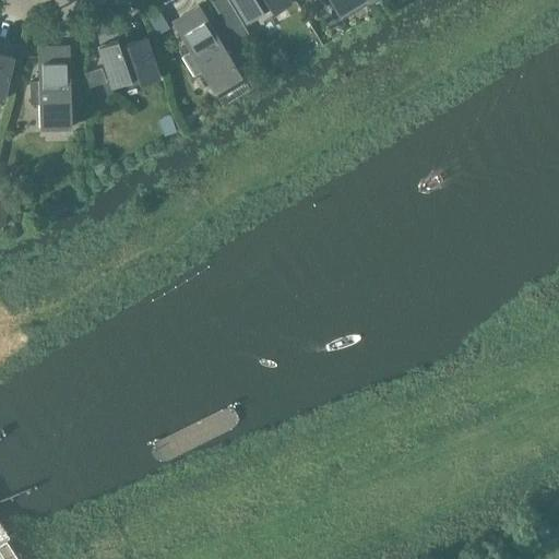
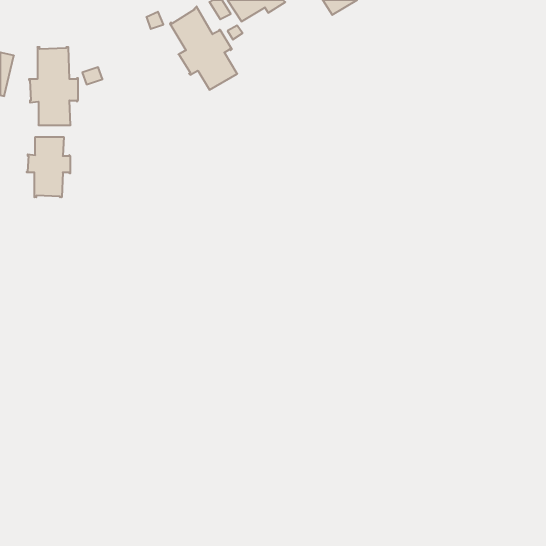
building: [98,38,160,87] -> none
building: none -> [27,137,70,197]

